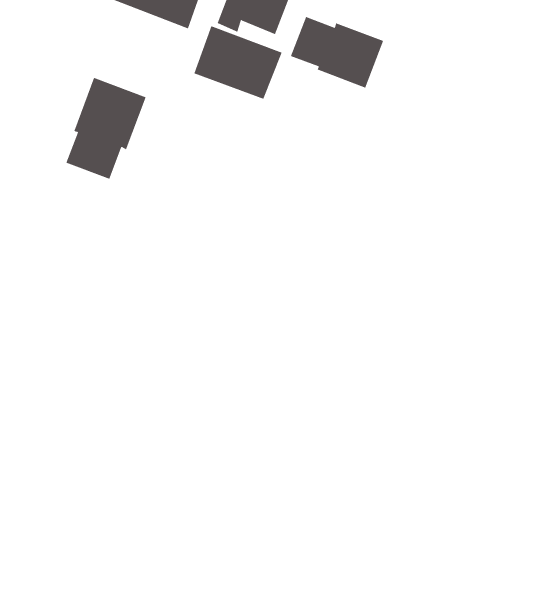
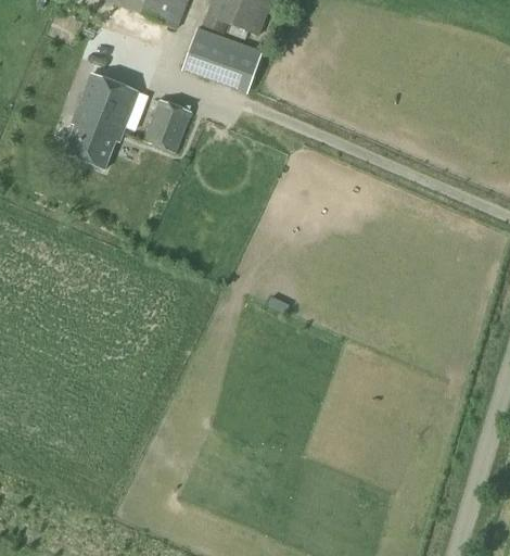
building: [290,16,384,89] -> none
building: none -> [143,97,193,152]

